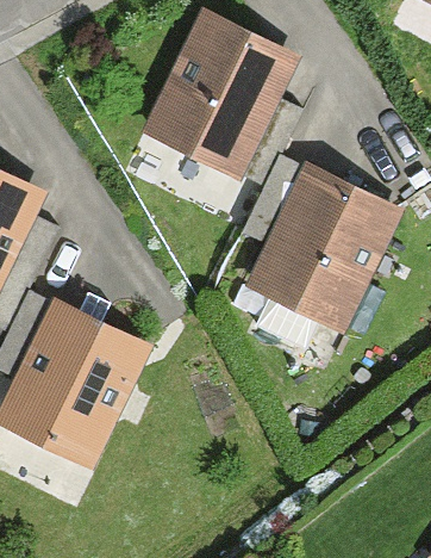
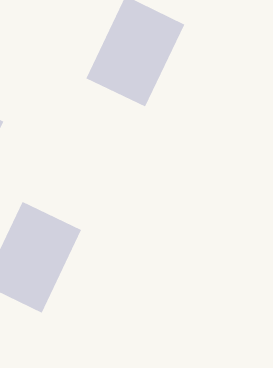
building: [254,170,395,329] -> none

